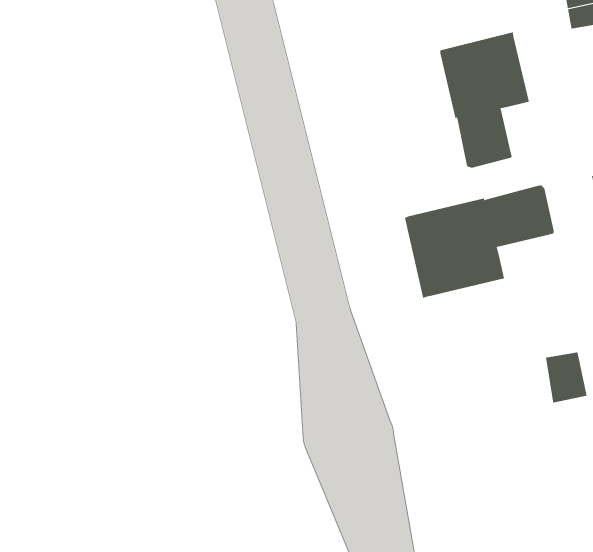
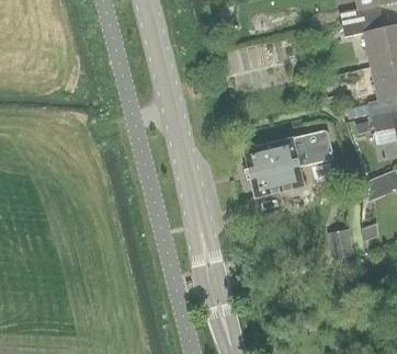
building: [440,32,530,168] -> none

